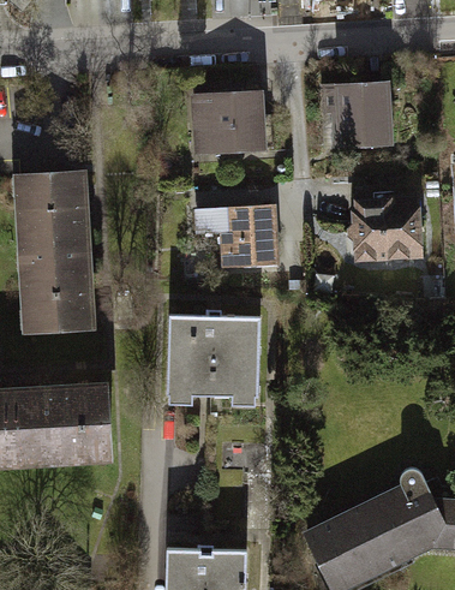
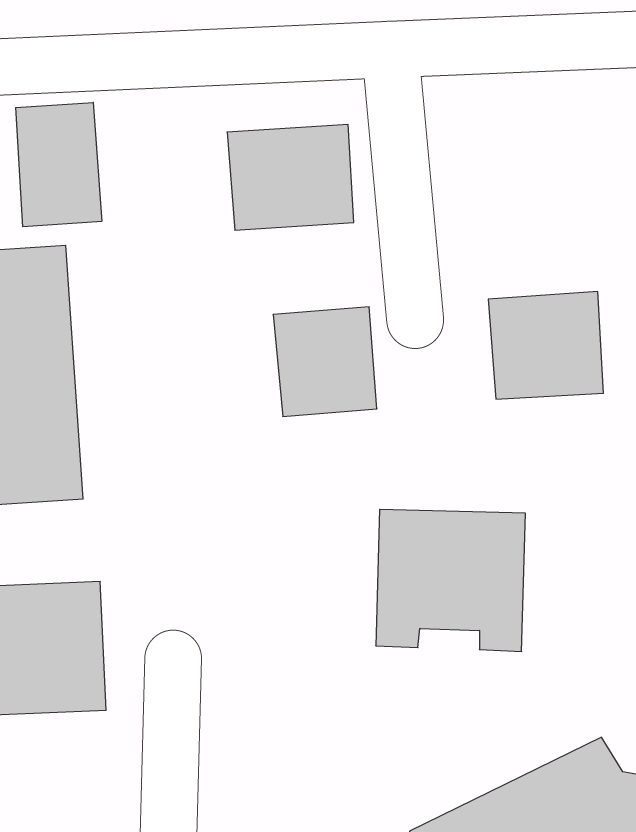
building: none -> [16,102,102,227]
building: [321,83,393,149] -> none
building: [164,314,258,403] -> [376,509,525,651]

